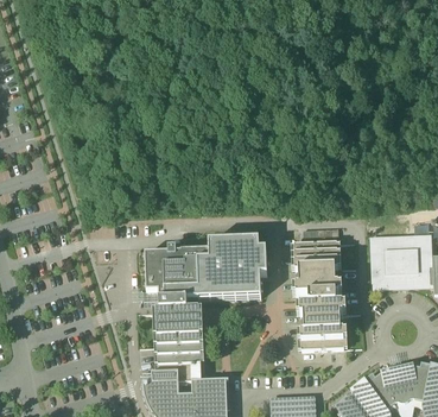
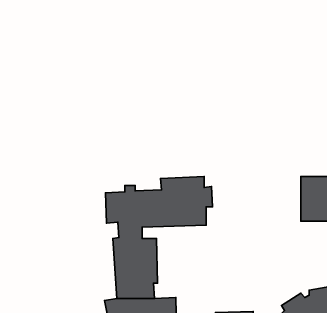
building: [291,226,350,350] -> none

